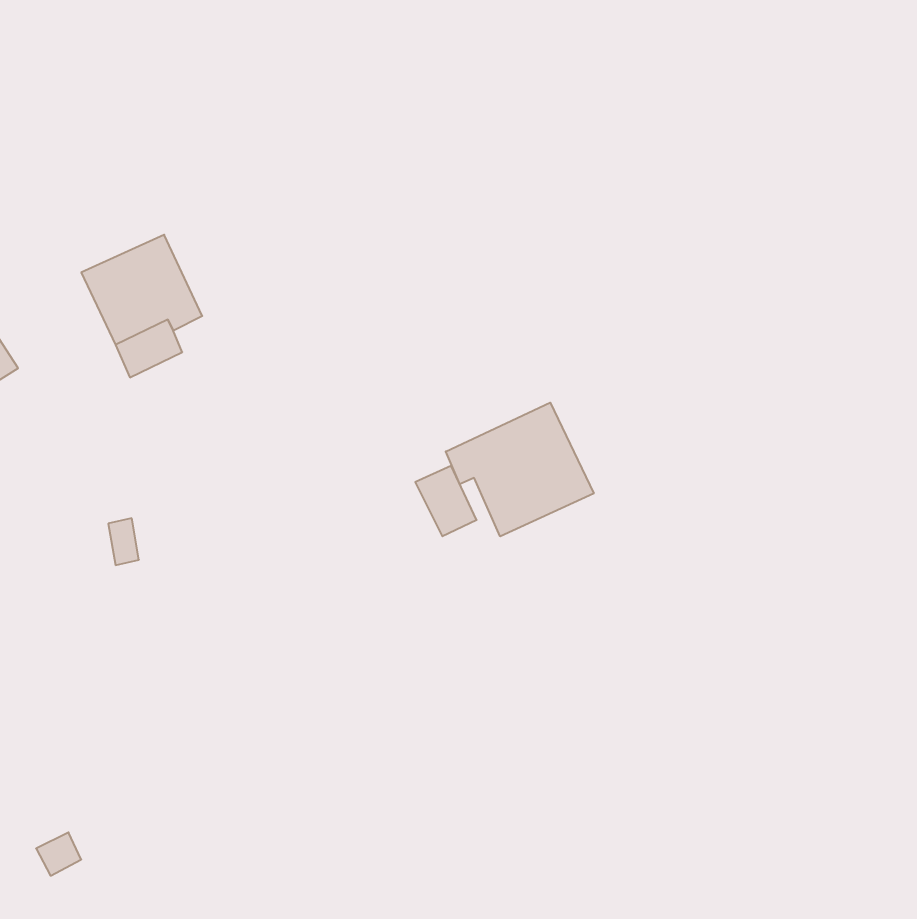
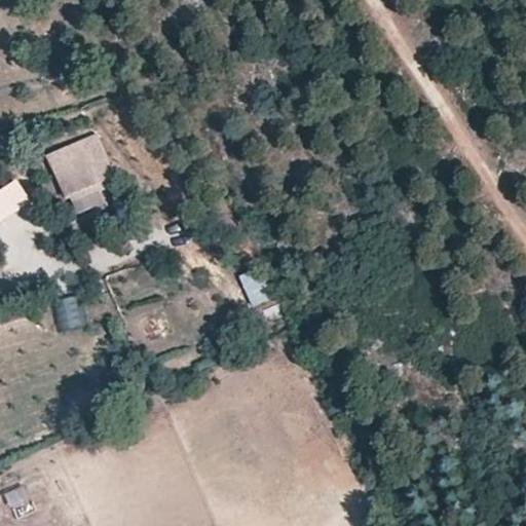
building: [446,403,594,536] -> none

